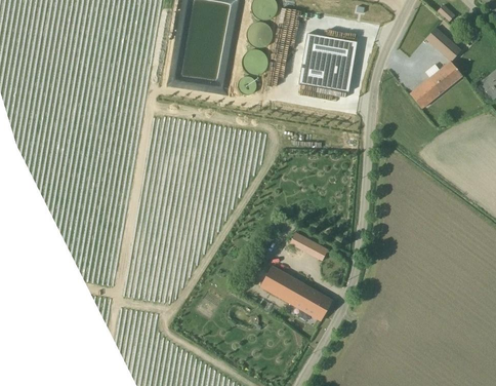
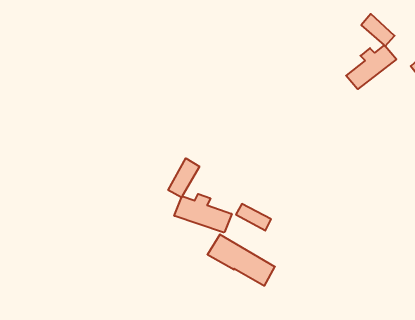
building: [298,34,357,91] -> none
building: none -> [168,158,232,232]

